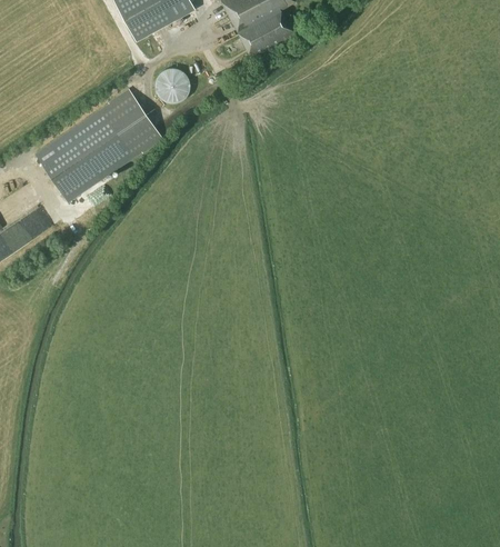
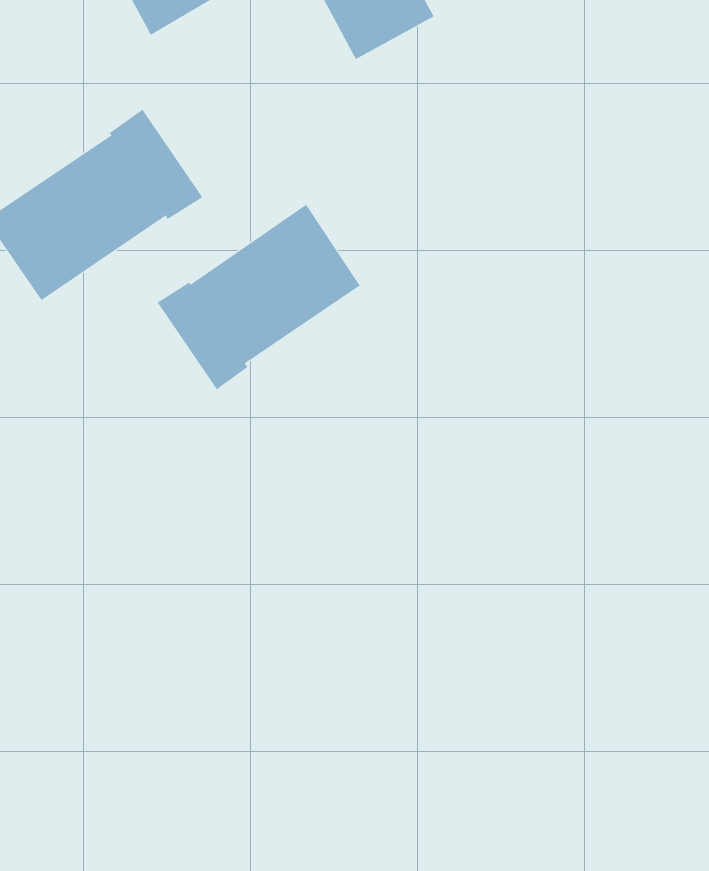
building: [156,67,191,102] -> none
building: none -> [157,204,361,390]

